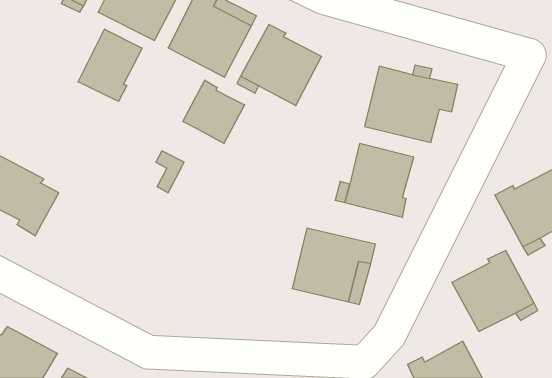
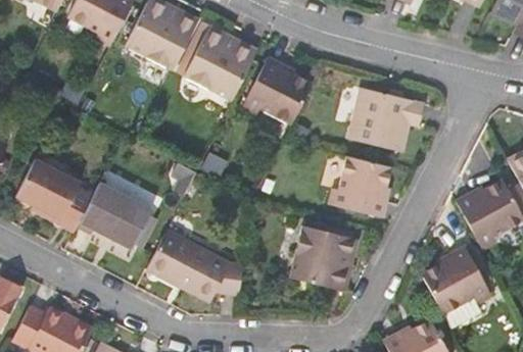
building: [78,29,142,101] -> none
building: [183,80,245,144] -> none
building: none -> [76,184,150,249]
building: none -> [146,233,242,303]

